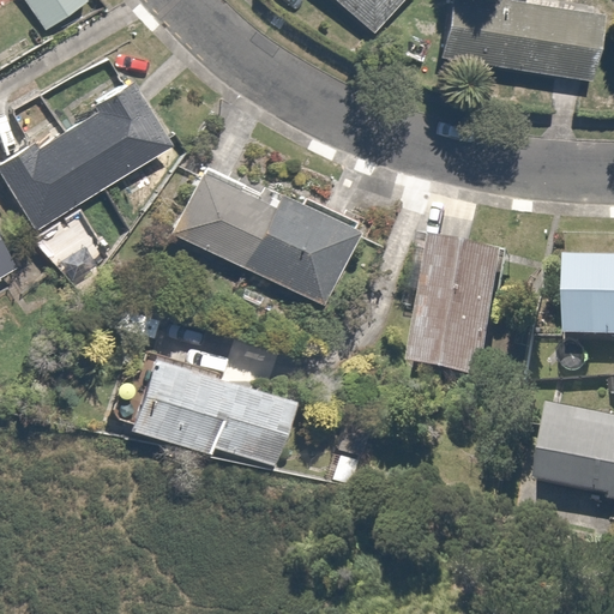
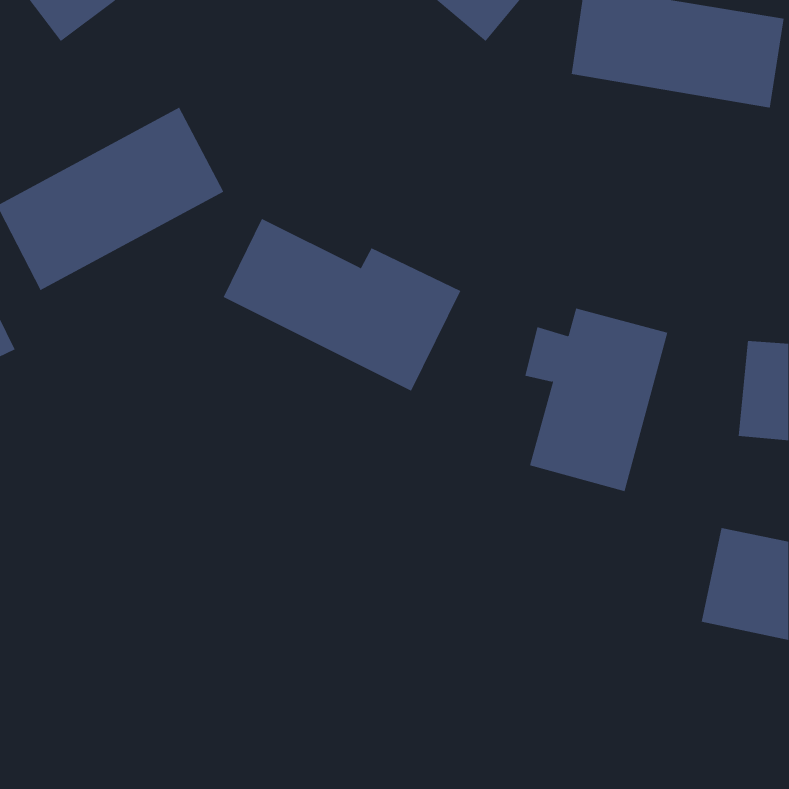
building: [127,356,297,457] -> none

